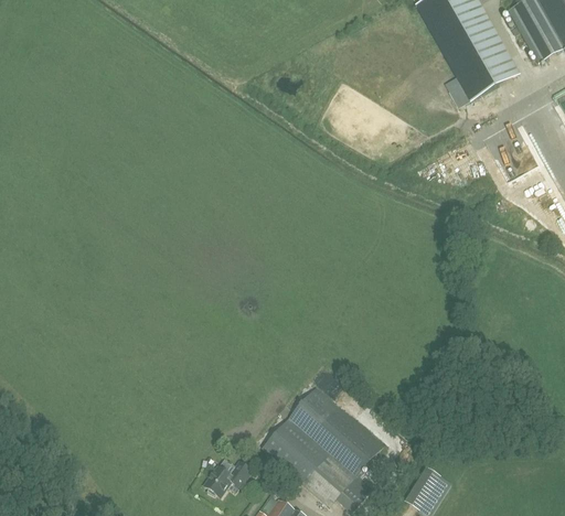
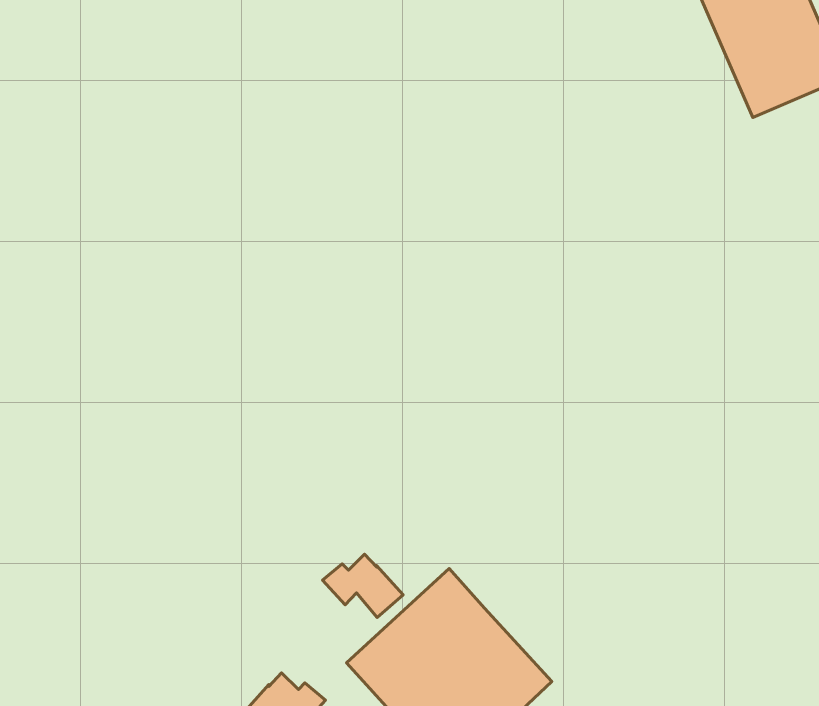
building: none -> [323,554,403,617]

